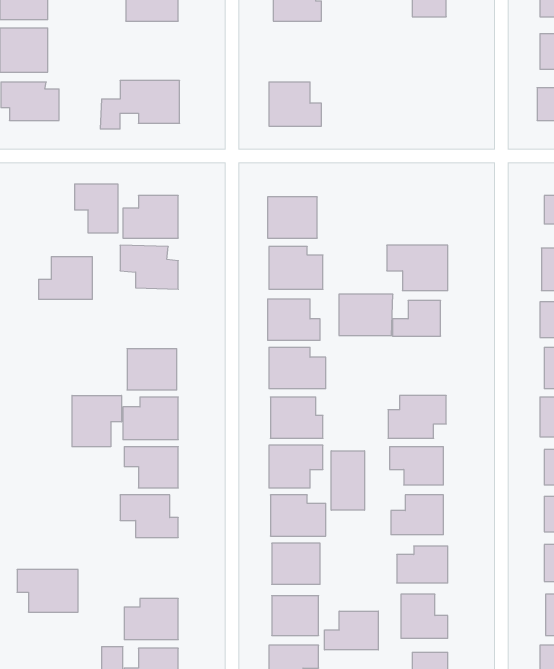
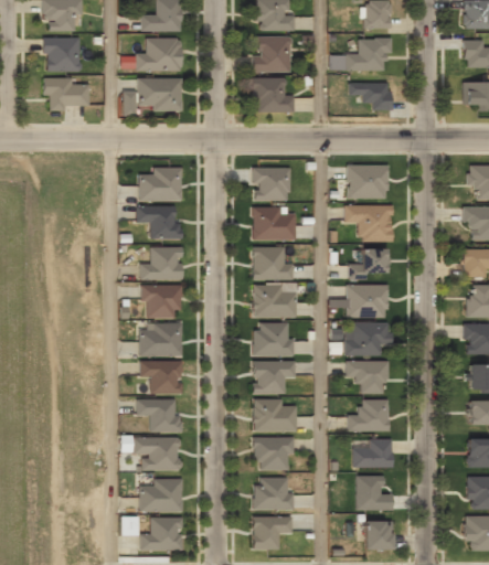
building: none -> [255,36,291,73]
building: none -> [121,38,182,71]
building: none -> [347,38,389,71]
building: none -> [349,84,391,110]
building: [75,184,118,233] -> none
building: none -> [347,164,389,199]
building: [39,257,92,299] -> [140,247,182,280]
building: [339,294,393,335] -> [347,285,389,317]
building: [72,395,121,447] -> none
building: [331,451,364,510] -> none
building: [17,570,78,612] -> [134,438,181,471]
building: [325,611,378,650] -> none

